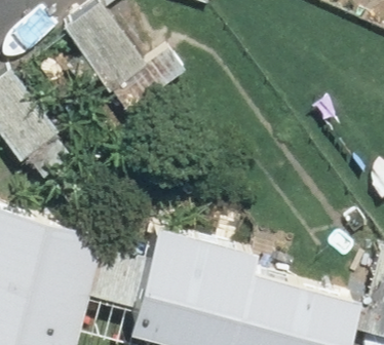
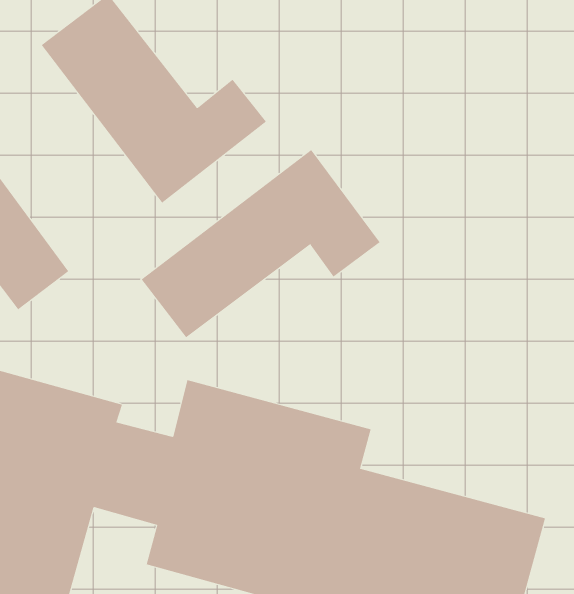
building: none -> [141,149,380,338]

